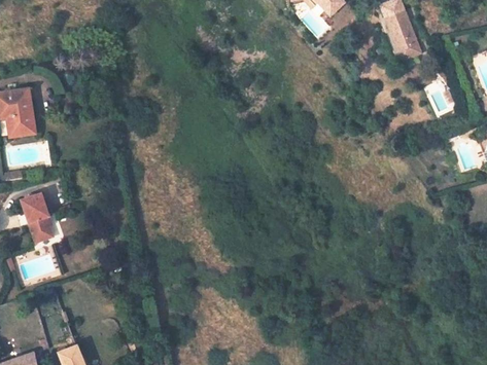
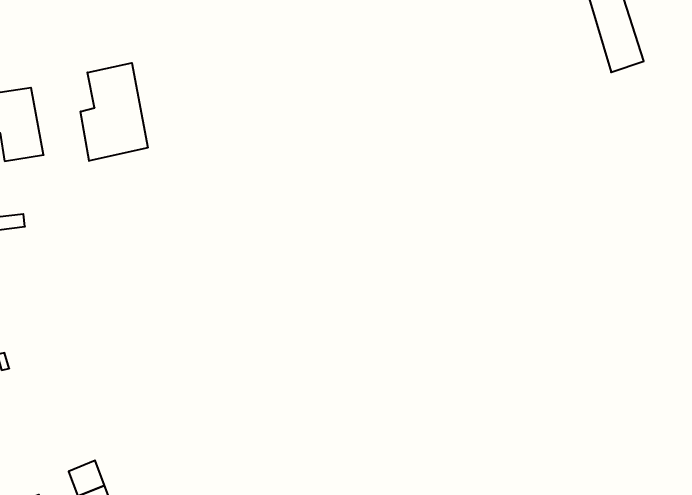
building: none -> [81,63,148,161]
building: [15,194,60,245] -> none

